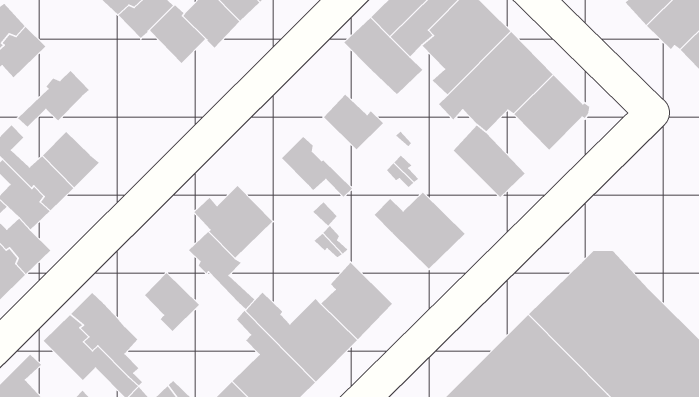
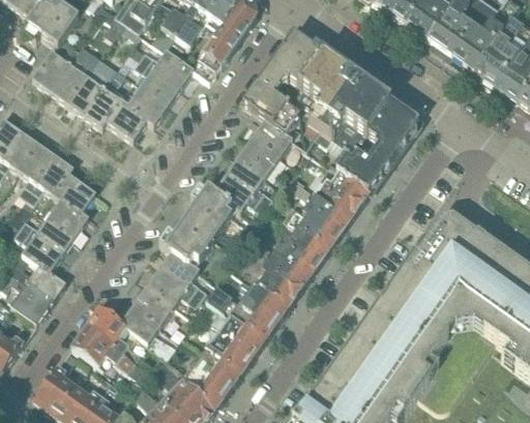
building: none -> [20,143,58,195]
building: none -> [249,120,292,155]
building: none -> [55,173,96,212]
building: none -> [351,131,396,173]
building: none -> [226,158,285,208]
building: none -> [186,182,235,236]
building: none -> [315,165,369,221]
building: none -> [273,230,328,278]
building: none -> [148,266,201,303]
building: none -> [121,302,176,355]

